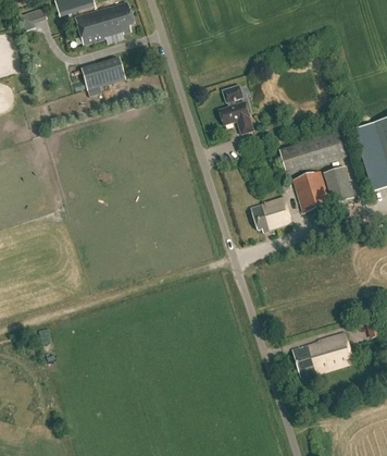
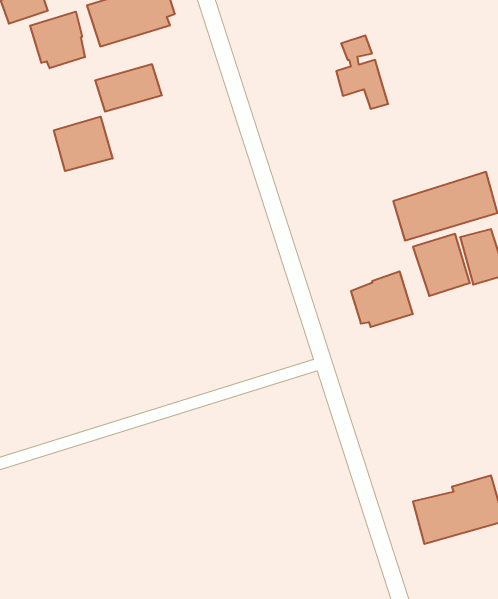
building: none -> [30,12,85,68]
building: [219,85,253,134] -> [336,35,388,109]
building: none -> [54,117,113,171]

